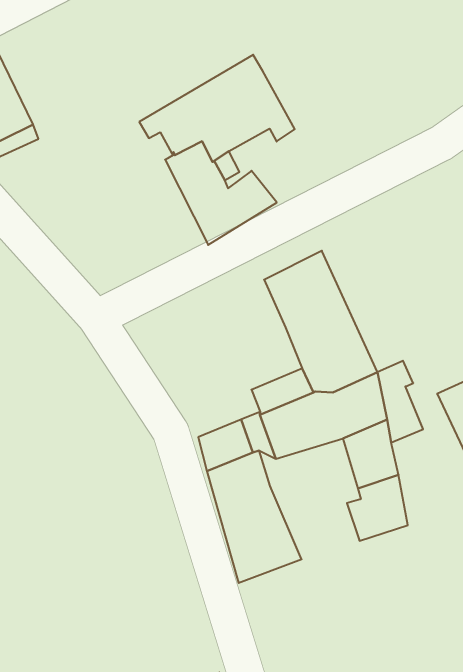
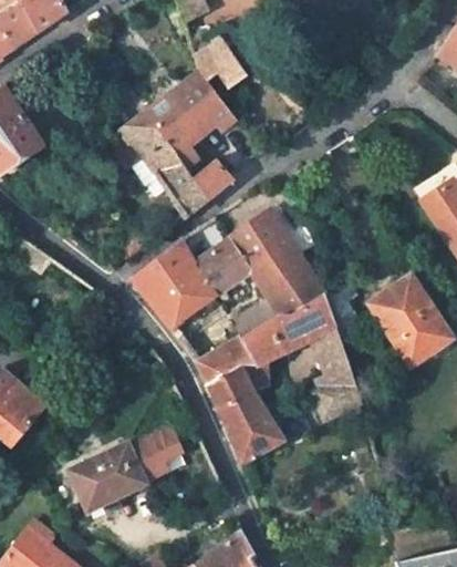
building: none -> [191,40,250,99]
building: none -> [133,237,250,326]
building: none -> [70,429,180,512]

